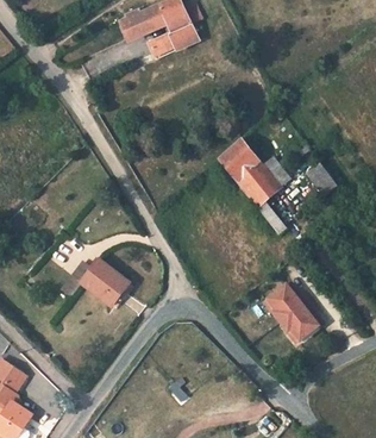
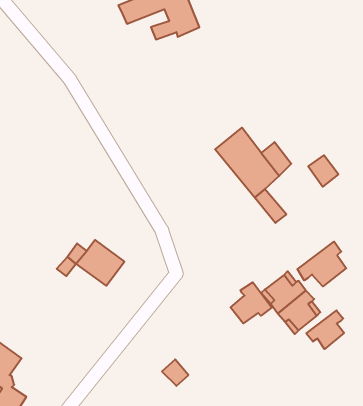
building: none -> [297,242,346,286]
building: none -> [231,282,272,323]
building: none -> [306,310,344,349]

